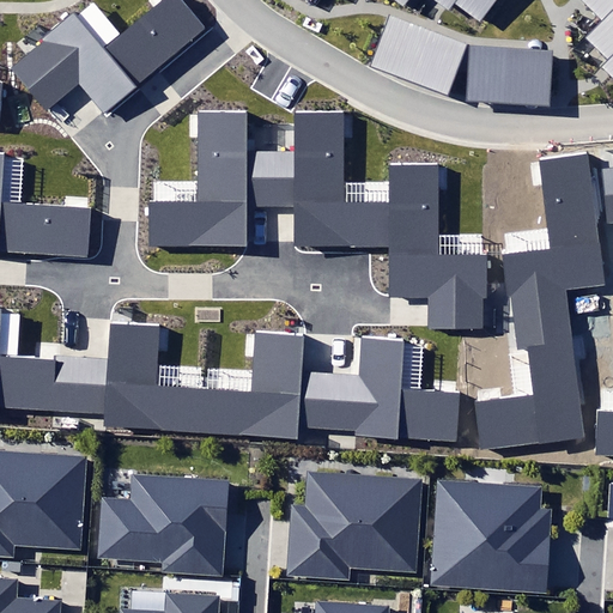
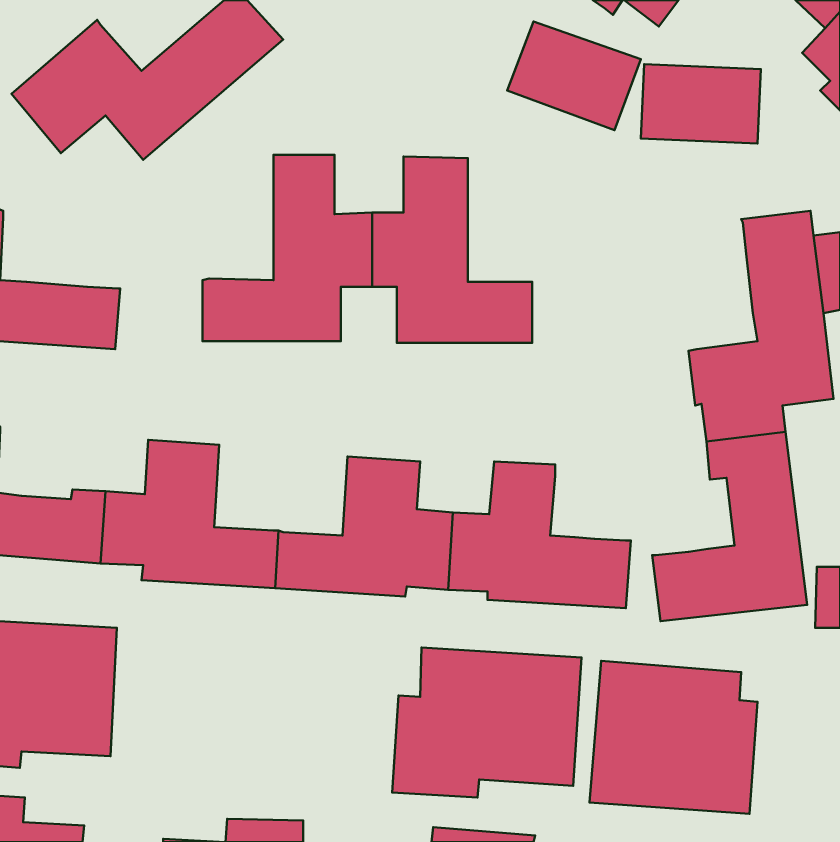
building: [387,164,486,328] -> none
building: [98,474,229,576] -> none

